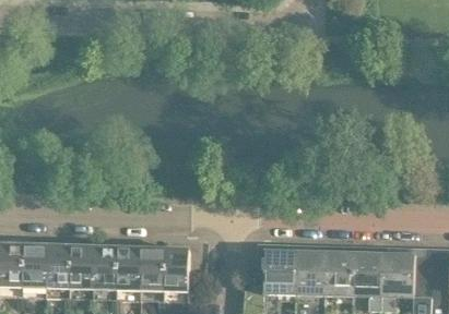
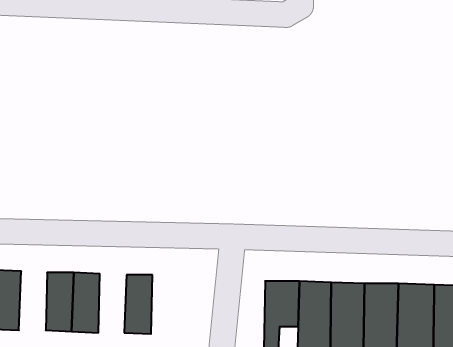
building: [44,243,69,295] -> none
building: [115,245,140,298] -> none
building: [162,246,188,300] -> none

